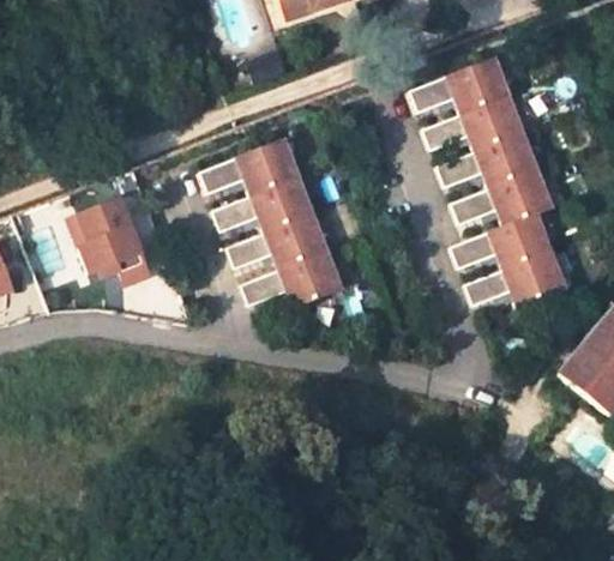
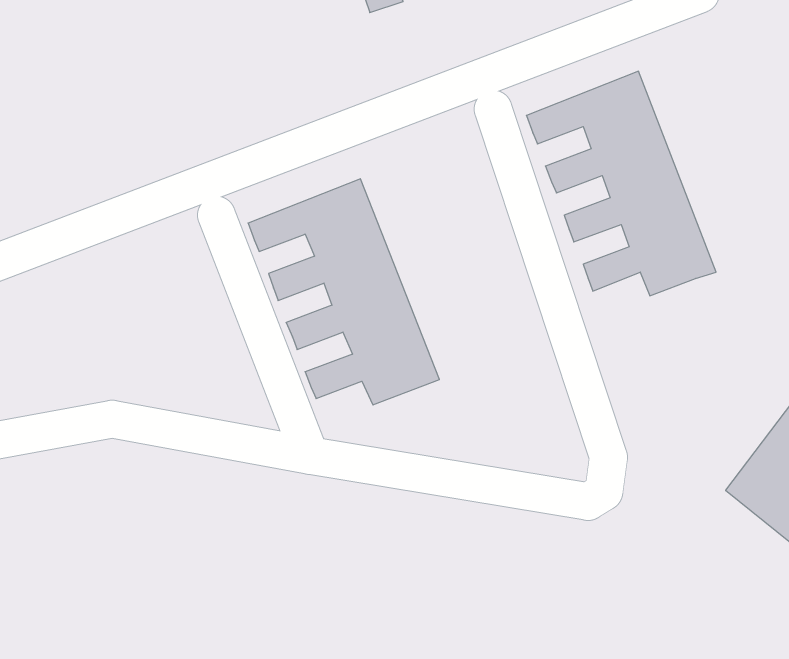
building: [66,194,151,288] -> none
building: [451,213,567,308] -> none

